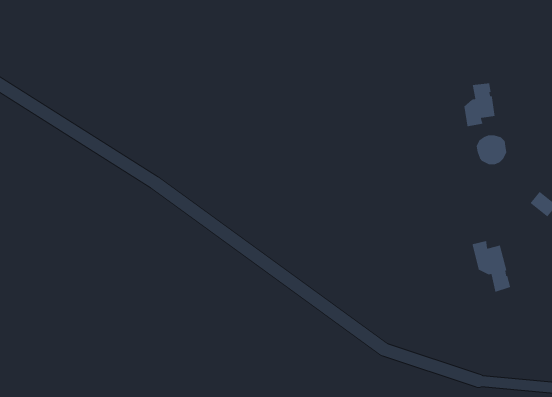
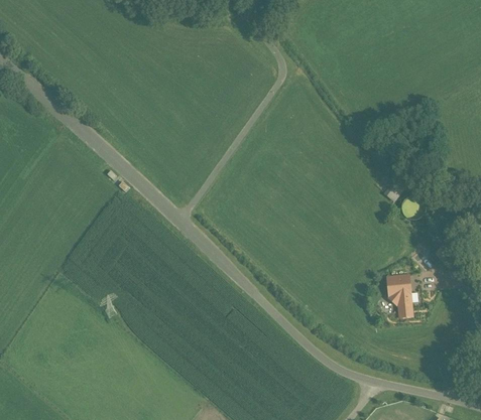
building: [464,82,496,127] -> none

